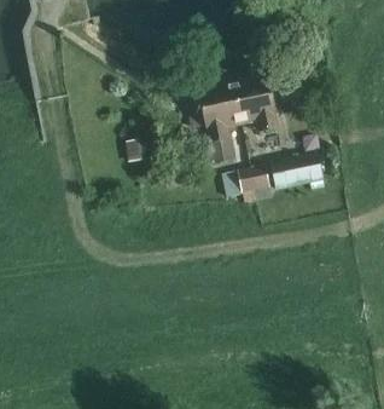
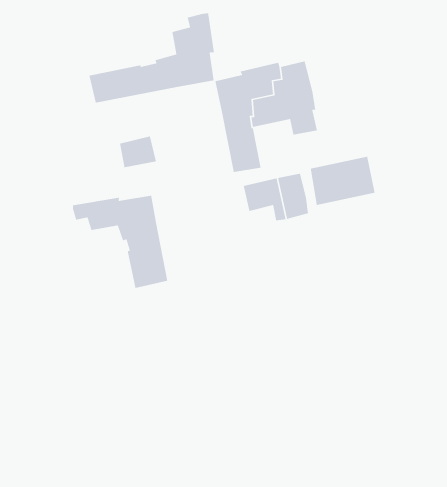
building: none -> [88,13,215,103]
building: none -> [72,195,168,289]

